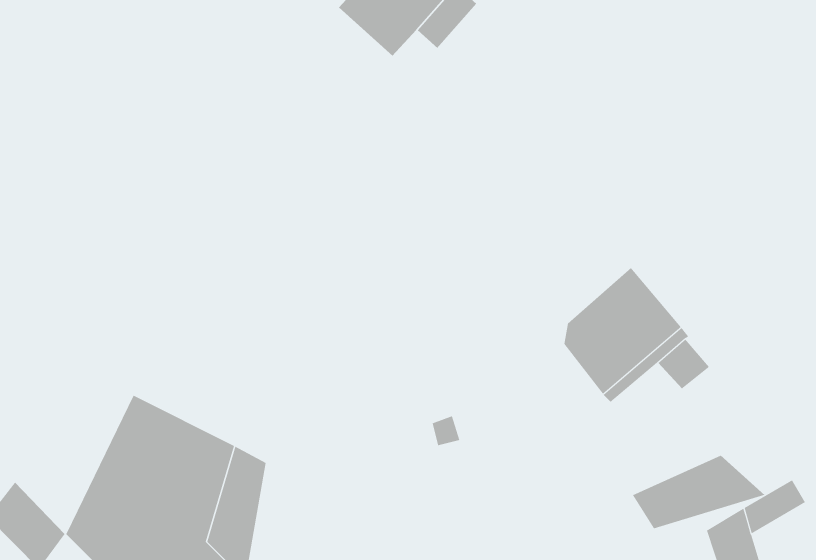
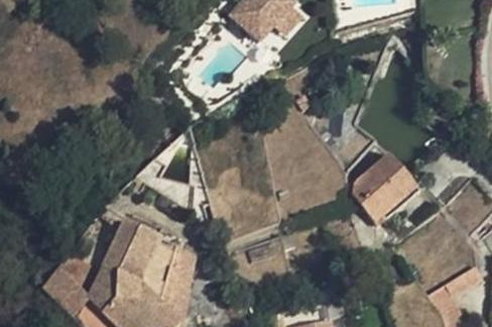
building: [632,455,765,529] -> none

